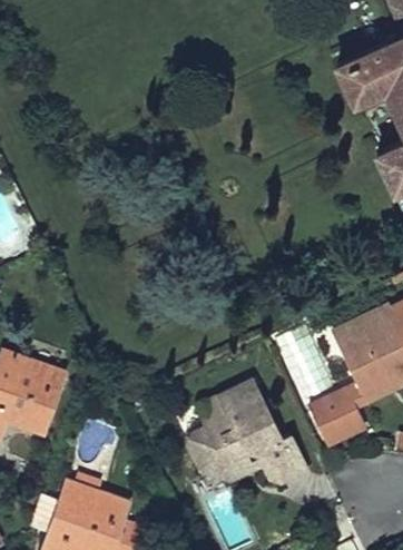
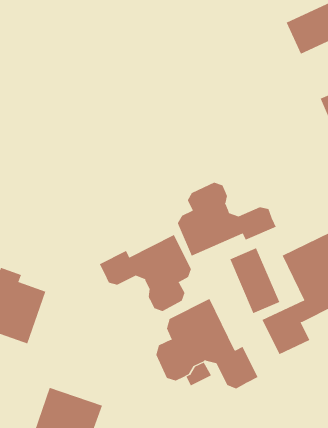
building: none -> [177,182,276,256]
building: none -> [99,234,192,312]

